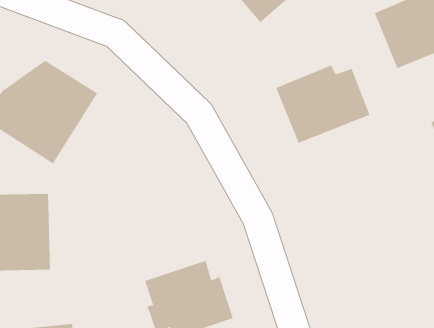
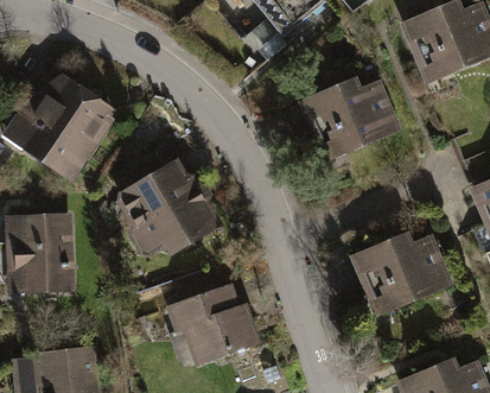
building: none -> [113,139,218,255]
building: none -> [352,235,451,318]

